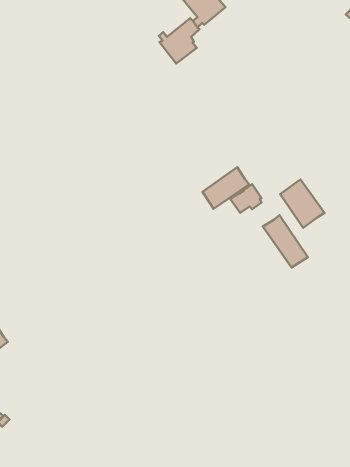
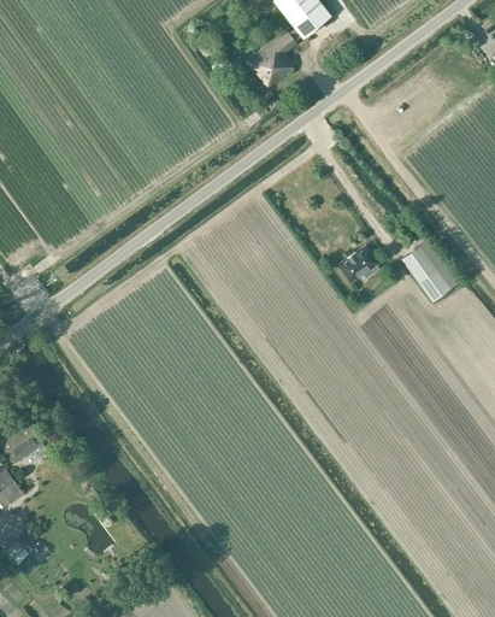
building: [202,167,249,209] -> none
building: [263,215,308,268] -> none

